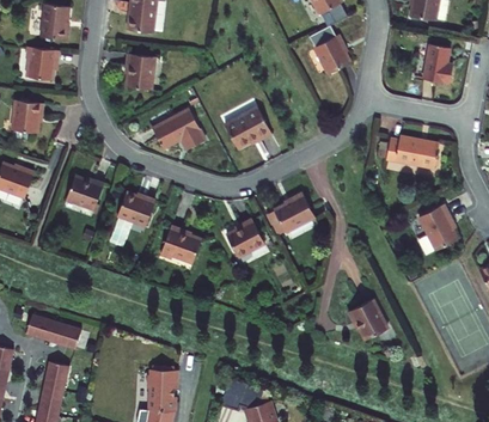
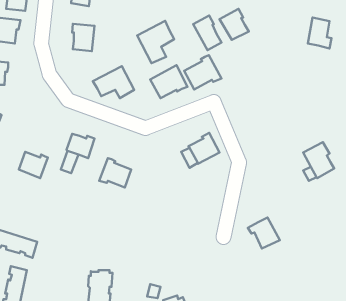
building: none -> [193,16,221,50]
building: none -> [137,21,174,63]
building: none -> [184,55,221,90]
building: [387,140,440,173] -> none
building: [67,175,104,208] -> [19,152,48,178]
building: [226,219,264,257] -> none

